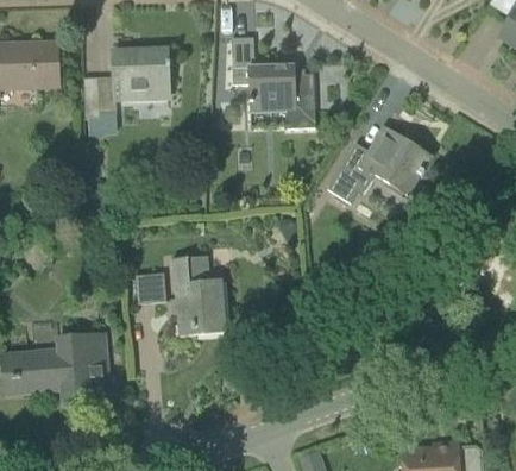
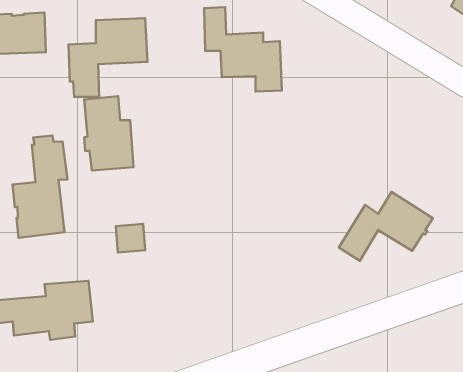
building: [327,128,429,203] -> [339,192,433,261]
building: none -> [12,136,68,238]
building: [171,255,225,335] -> [84,96,133,170]

